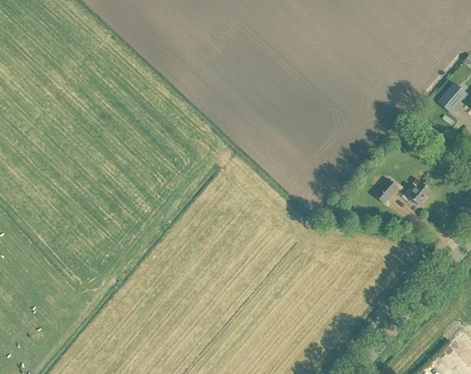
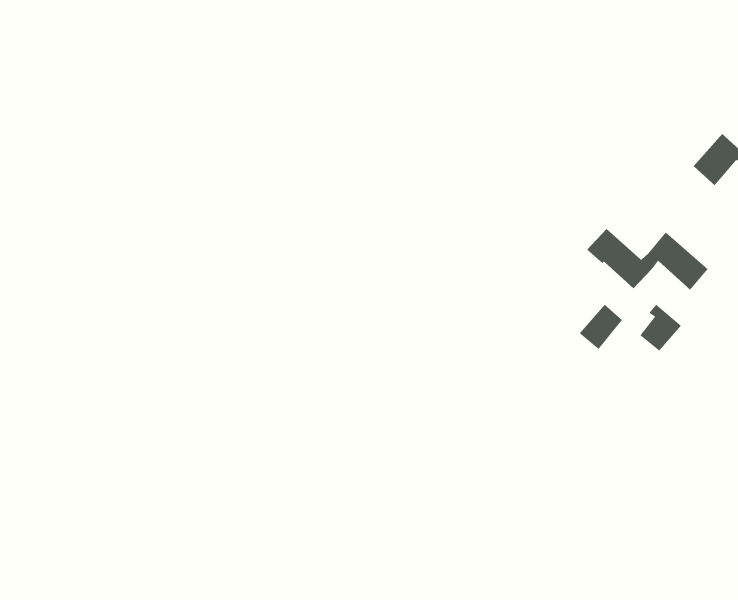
building: none -> [586,228,708,290]

